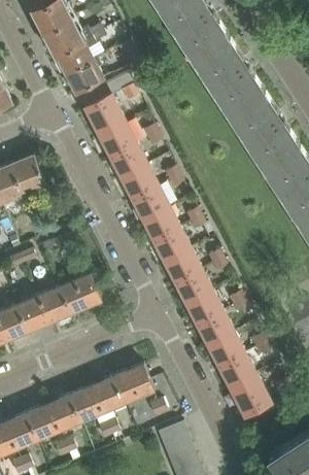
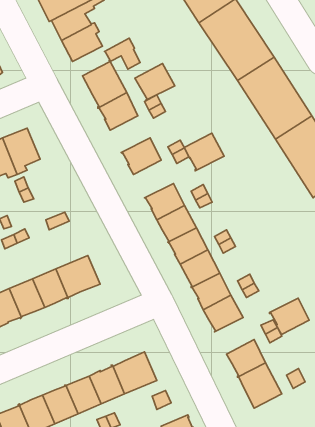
building: [109,144,146,178] -> [135,64,175,100]
building: [131,185,168,220] -> [184,133,224,171]
building: [206,332,243,366] -> [269,298,309,335]

